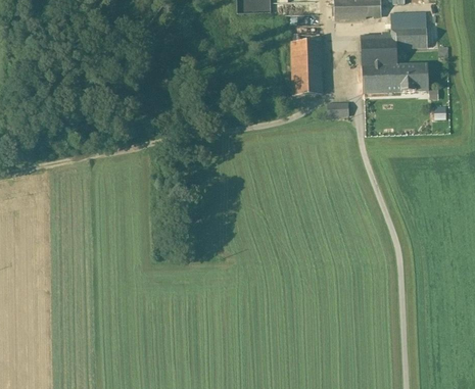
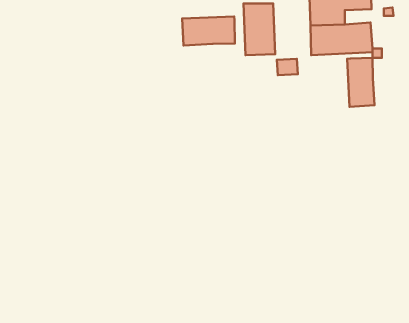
building: none -> [182,17,235,45]
building: none -> [347,58,375,107]

